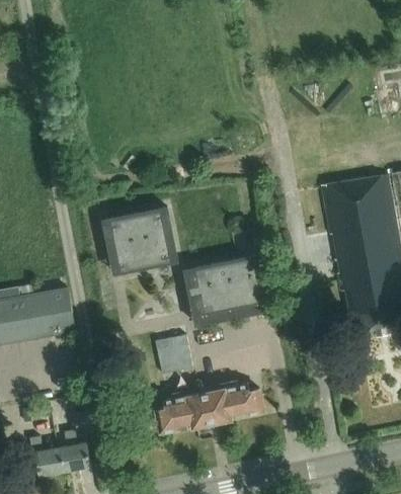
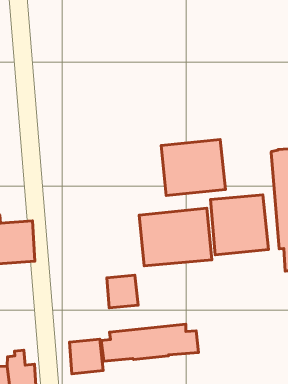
building: [101,207,176,273] -> [161,140,225,195]
building: none -> [210,195,268,255]
building: none -> [69,339,103,374]

